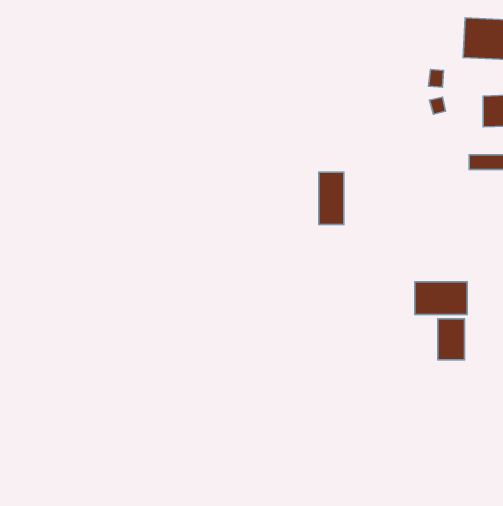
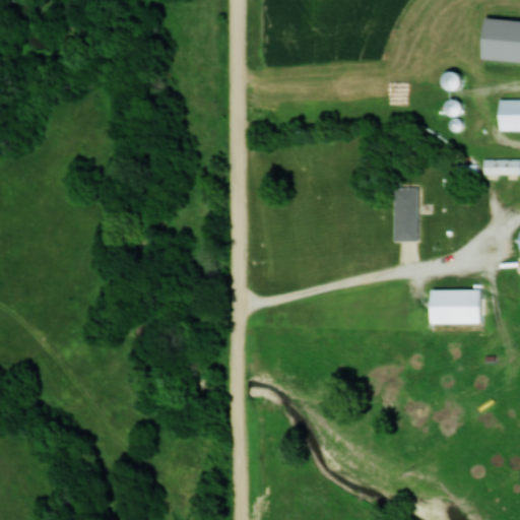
building: [319,172,344,225] -> [395,187,420,241]
building: [438,319,464,360] -> none

